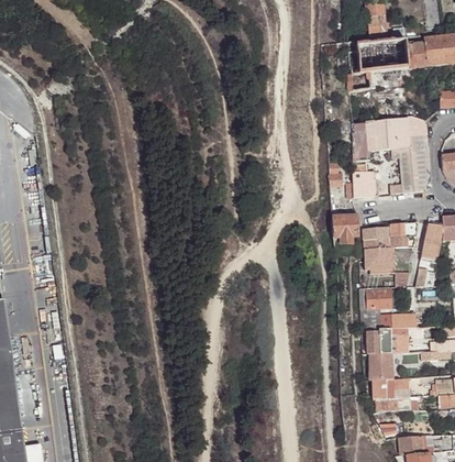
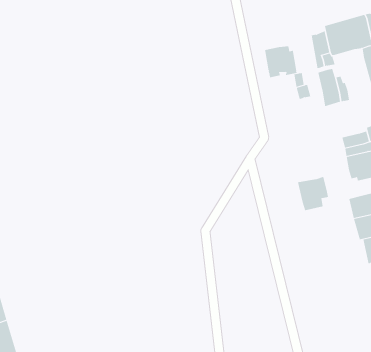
building: none -> [265,46,297,78]
building: [331,214,358,244] -> [297,176,329,211]

